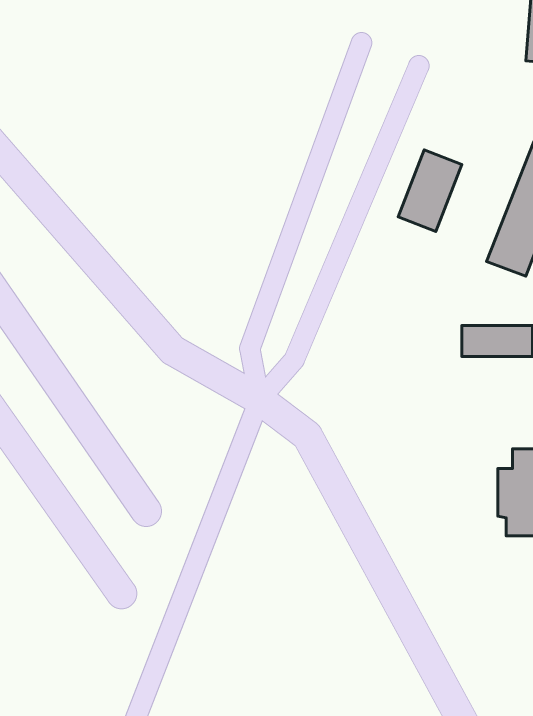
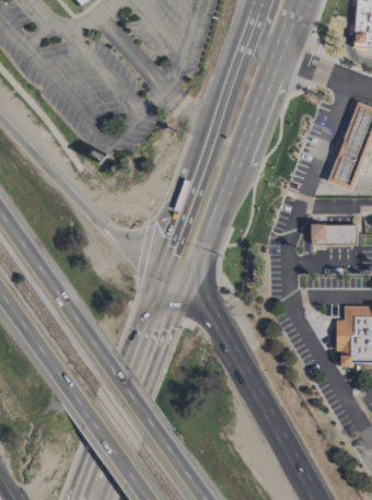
building: [398,150,462,232] -> none

